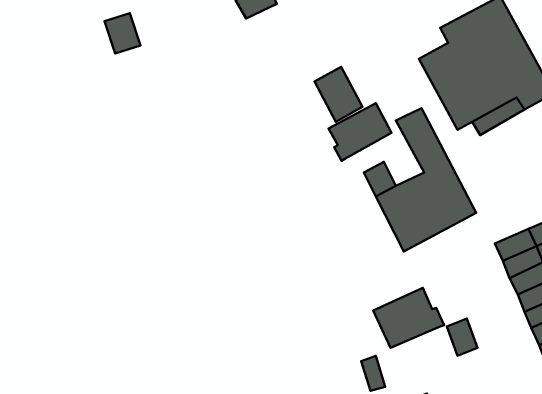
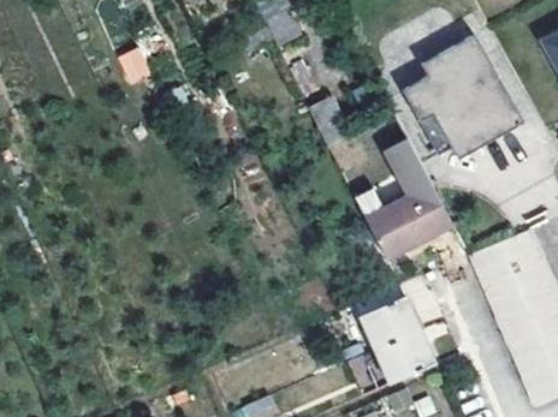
building: [328,103,391,161] -> none
building: none -> [376,330,435,383]

